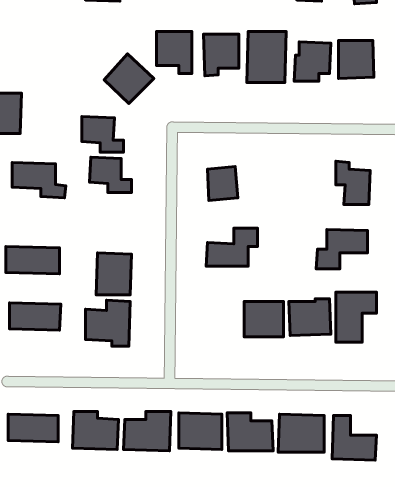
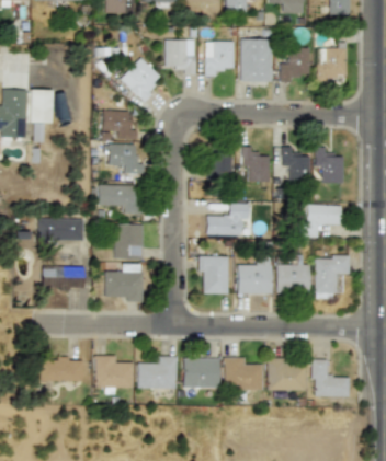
building: none -> [241,147,269,182]
building: none -> [281,147,310,181]
building: [12,162,66,198] -> [99,185,144,215]
building: none -> [198,256,232,295]

